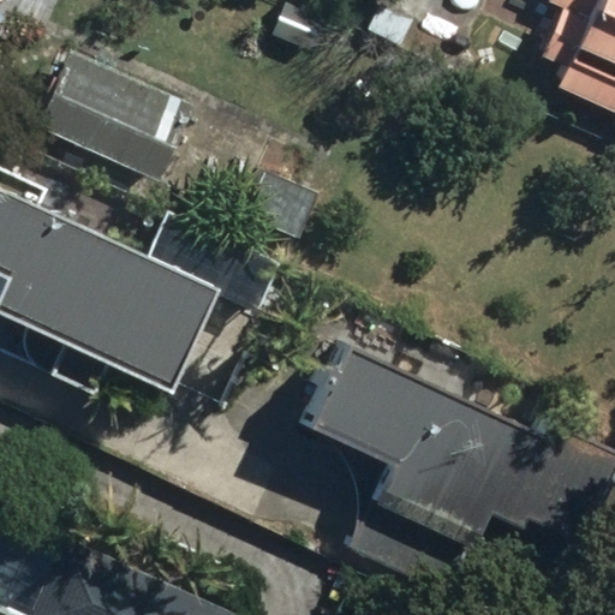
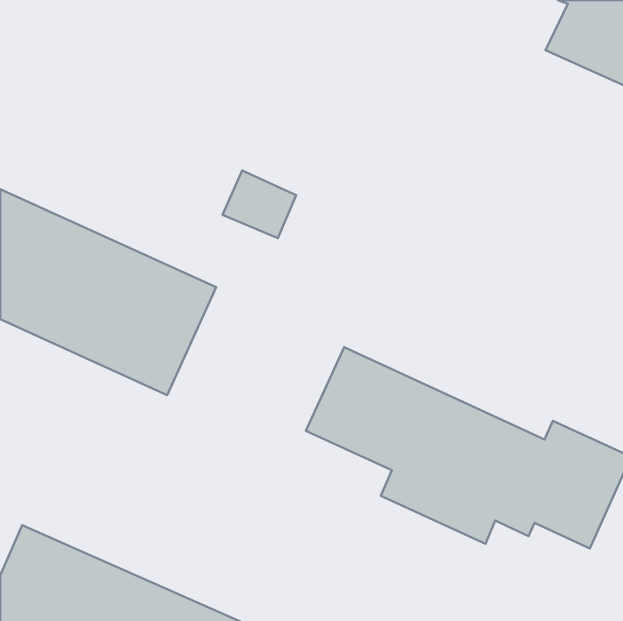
building: [28,53,181,180] -> none

